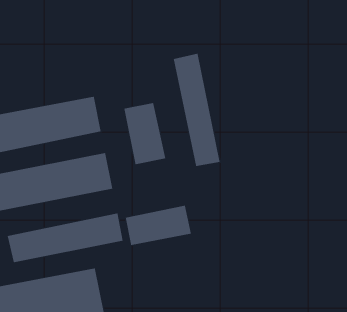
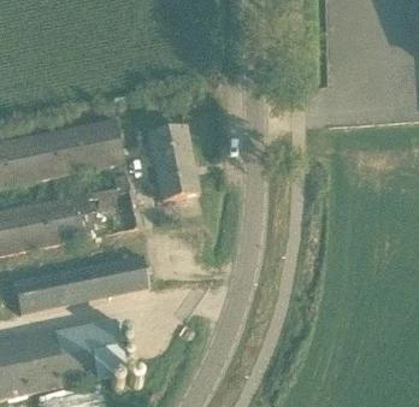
building: [173,53,220,167] -> none
building: [125,205,191,246] -> none

